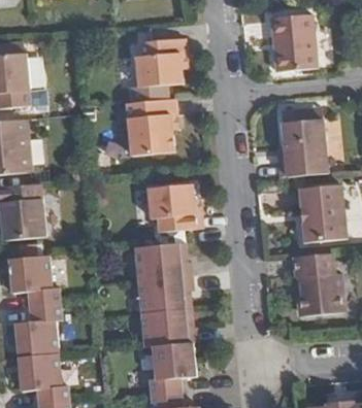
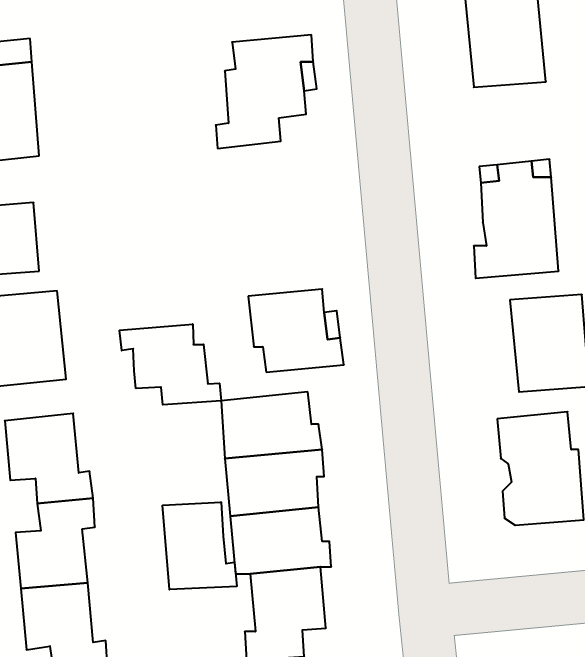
building: [126,99,176,156] -> none
building: none -> [120,324,221,405]
building: none -> [163,502,237,590]

